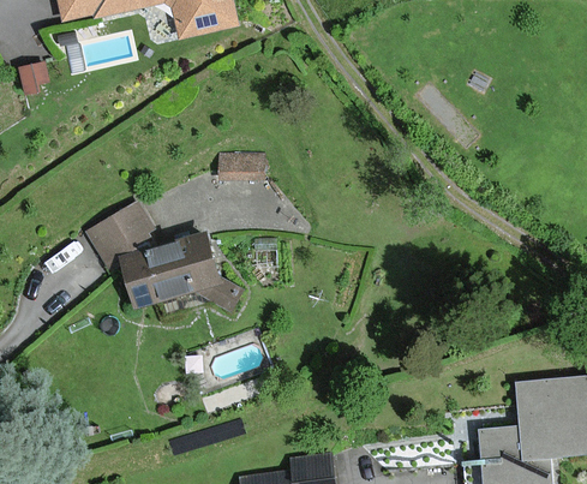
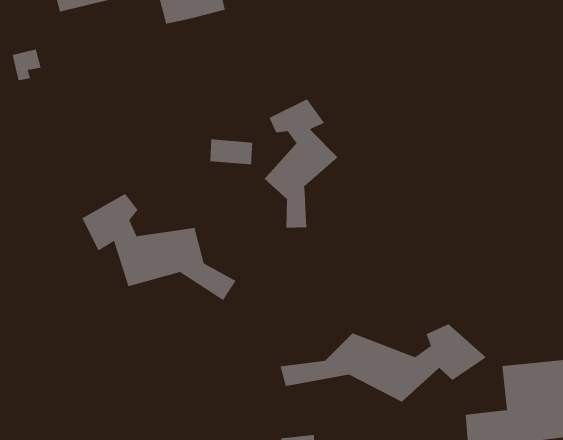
building: none -> [264,98,339,228]
building: none -> [280,324,487,402]

